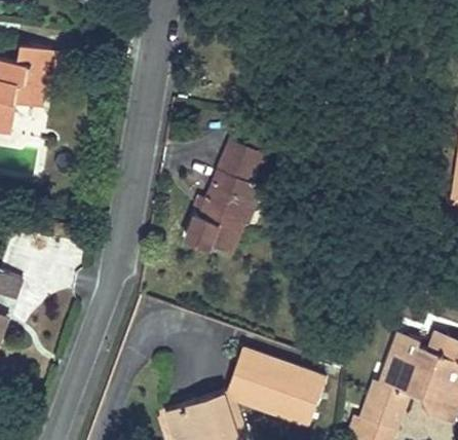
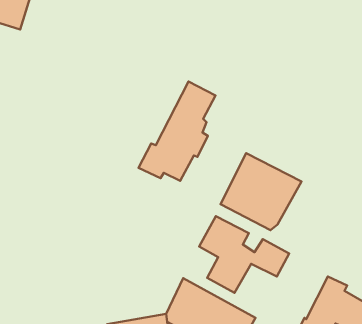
building: none -> [220,153,301,230]
building: none -> [199,216,289,293]

